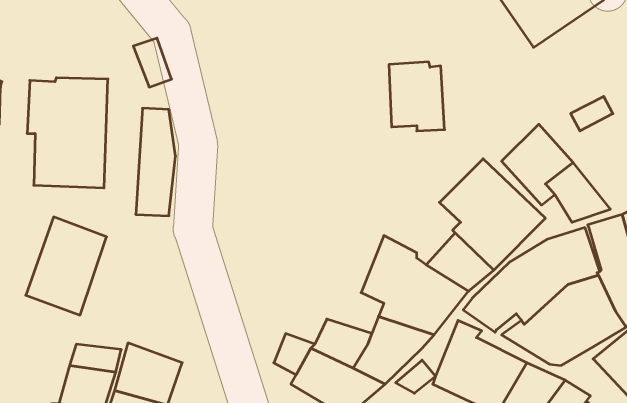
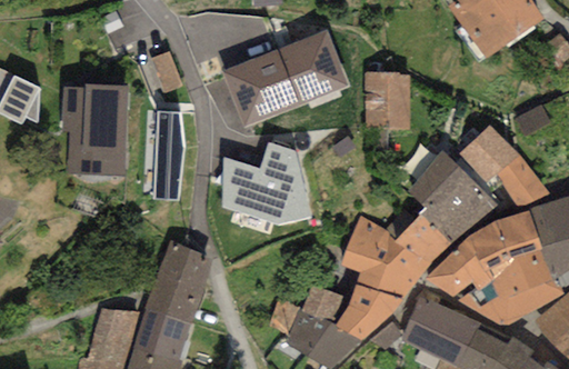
building: none -> [221,29,349,127]
building: none -> [221,142,311,223]
building: [26,217,107,315] -> [146,241,213,323]

